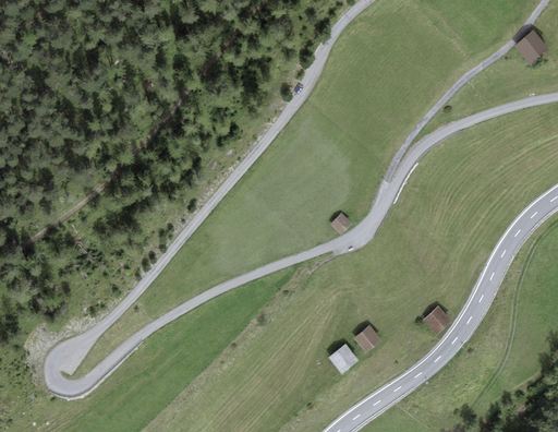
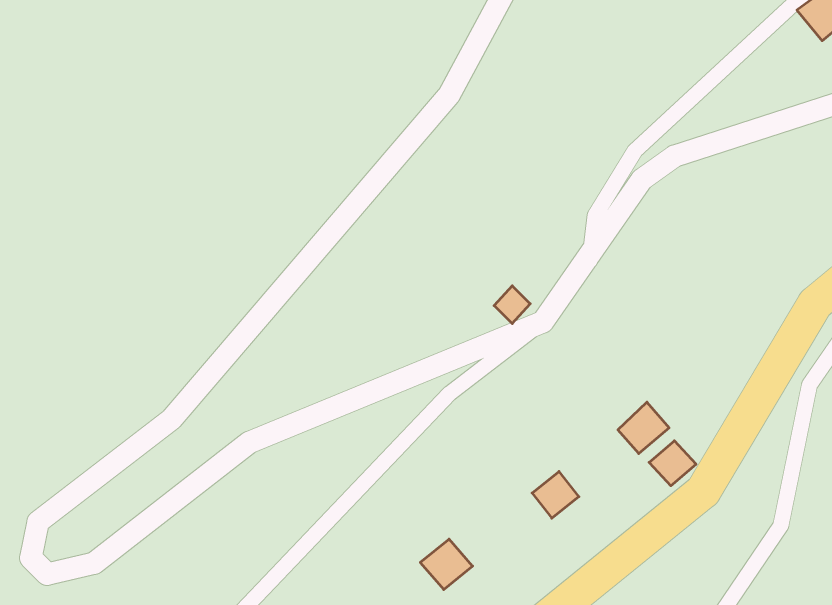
building: none -> [618,402,669,454]
building: [327,344,359,374] -> [420,539,473,590]

